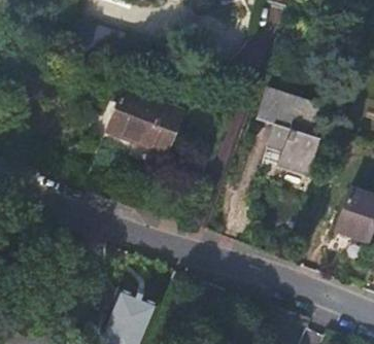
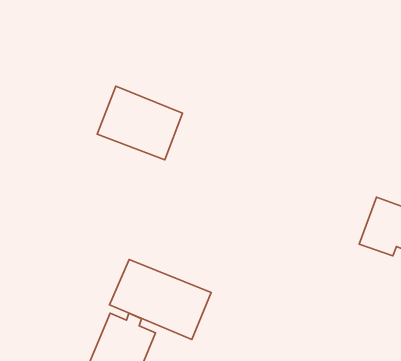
building: [259,88,322,172] -> none
building: none -> [110,259,211,339]

